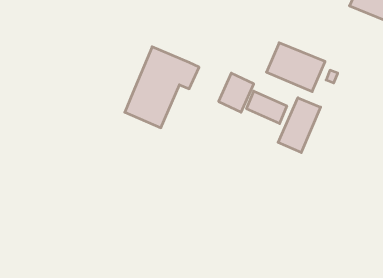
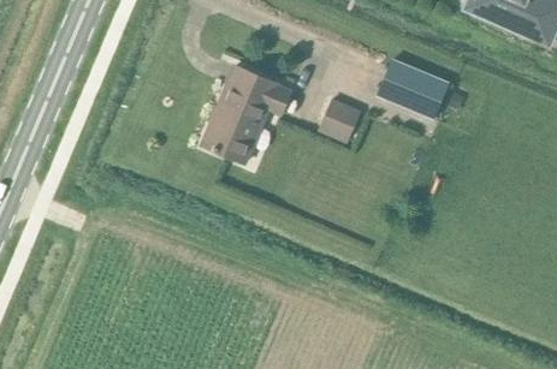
building: [247,91,287,124] -> none
building: [278,98,321,153] -> none

